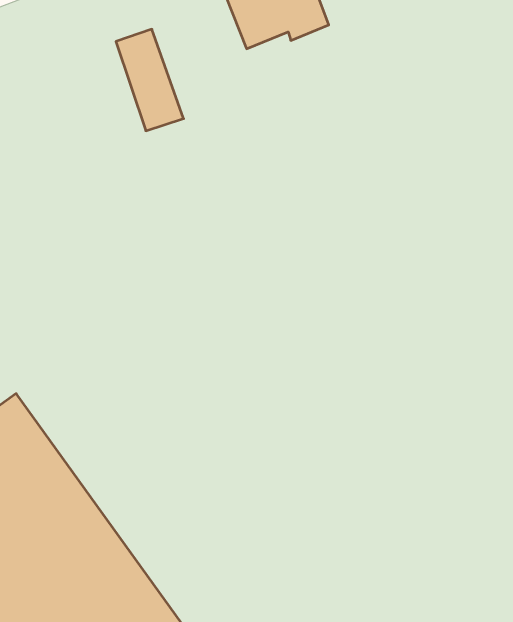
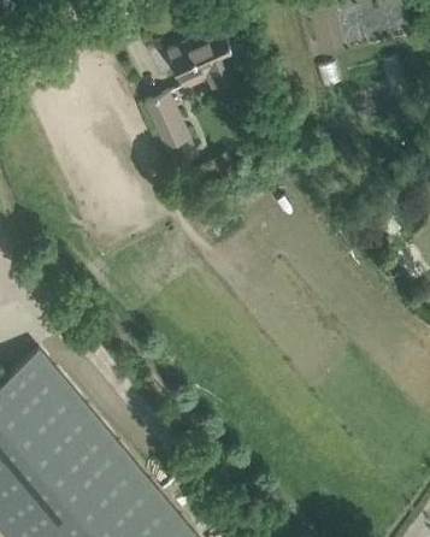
building: [116,29,184,131] -> [146,92,199,165]

